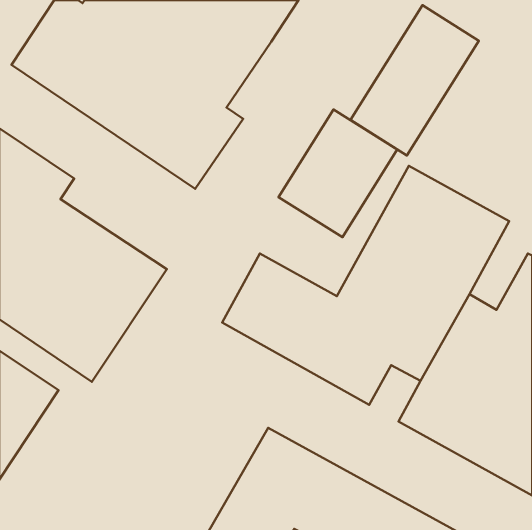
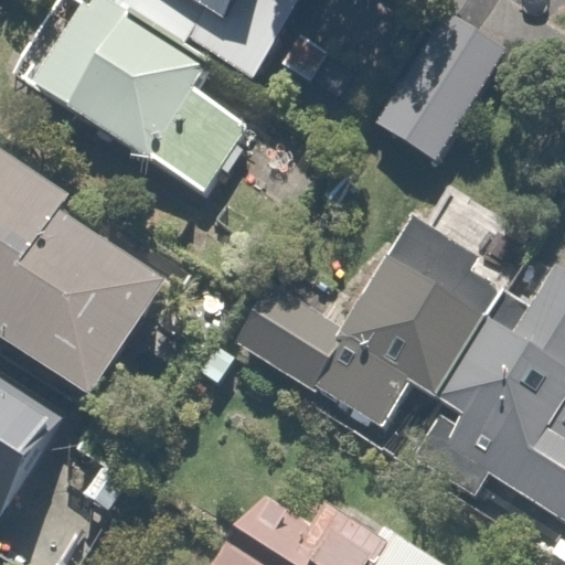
building: [279,110,397,237] -> none

